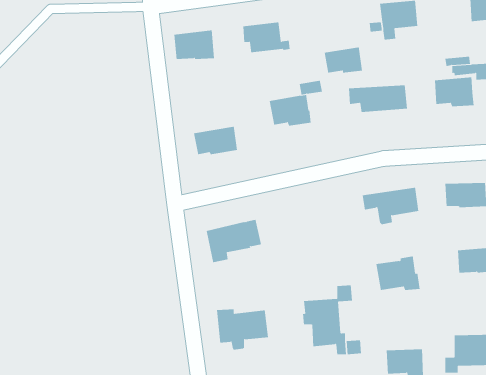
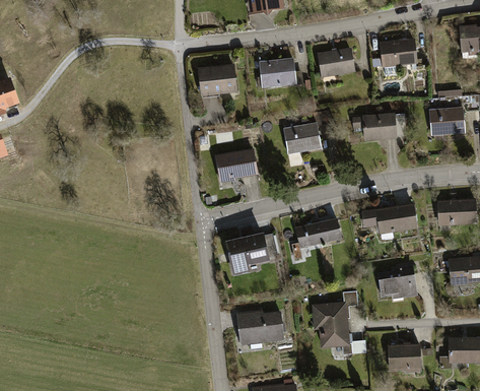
building: [324,47,363,73] -> [319,49,353,72]
building: none -> [292,218,341,258]

